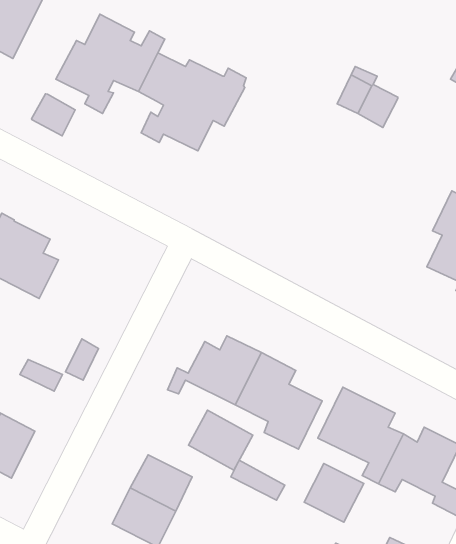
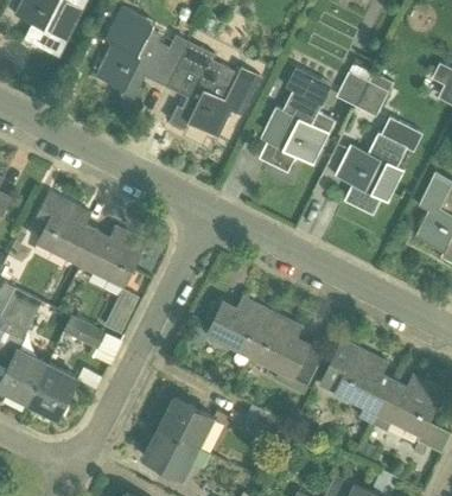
building: none -> [257,68,336,173]
building: [32,94,75,136] -> none
building: none -> [333,116,422,216]
building: none -> [81,227,145,286]
building: [189,410,253,470] -> none
building: [304,463,364,522] -> none

